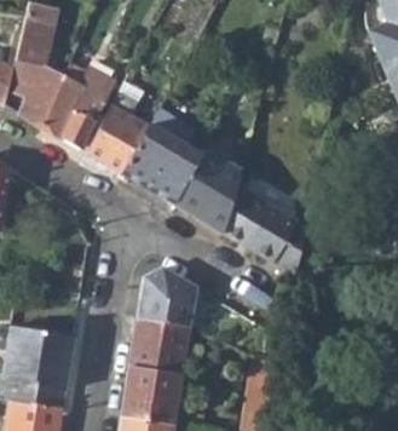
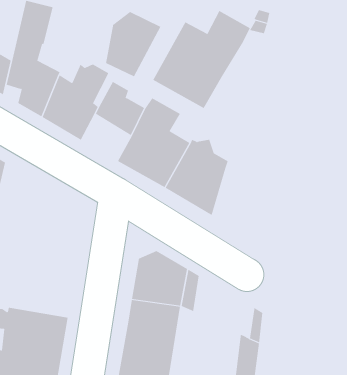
building: none -> [153,10,251,109]
building: none -> [105,11,161,77]
building: [86,123,138,173] -> none
building: [223,180,308,274] -> none

